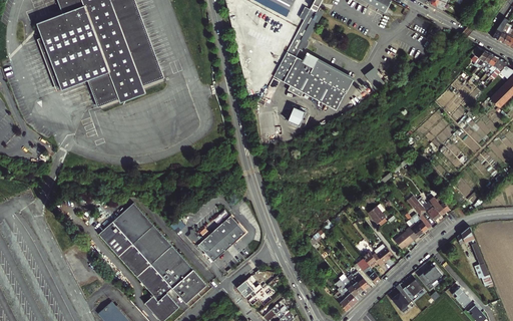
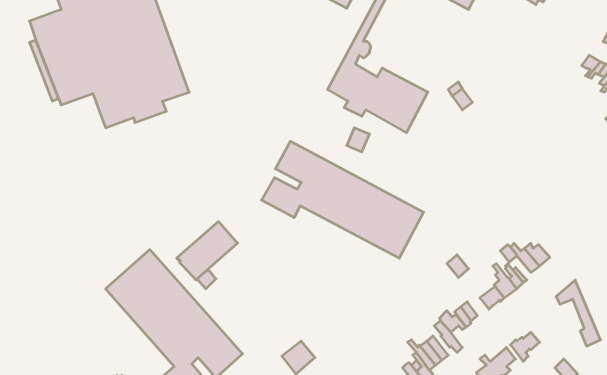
building: none -> [261,141,424,258]
building: [198,216,246,262] -> [177,222,238,280]

